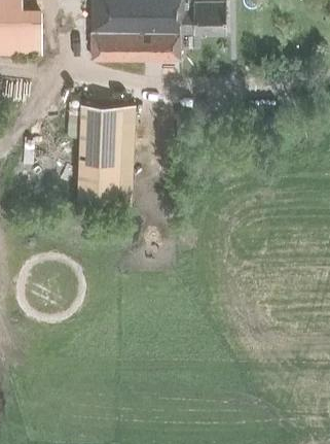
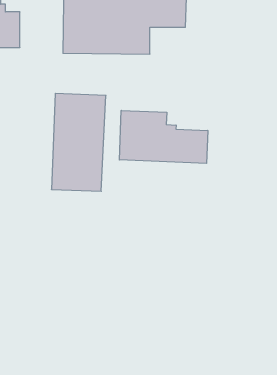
building: none -> [119,110,208,163]

